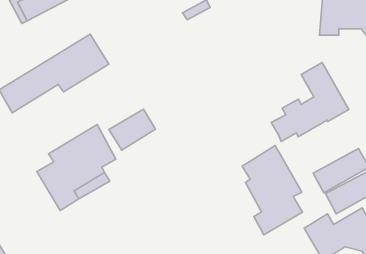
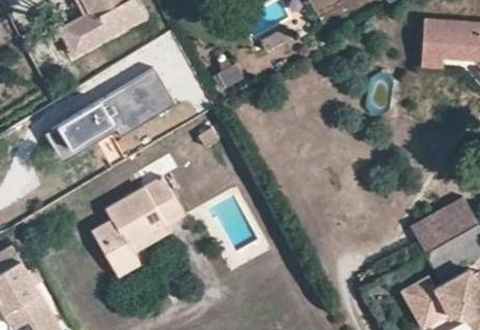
building: [271,63,349,141] -> none
building: [109,109,155,150] -> none
building: [242,146,303,235] -> none

